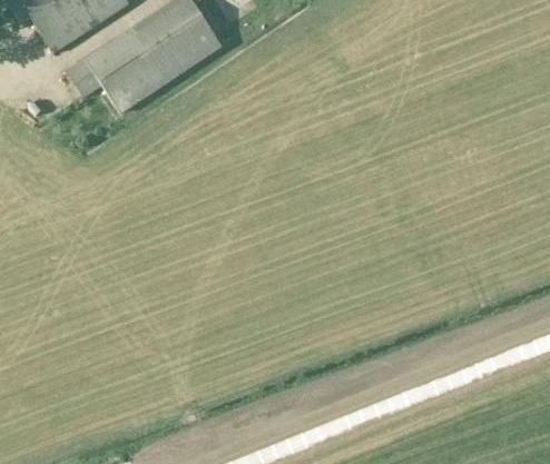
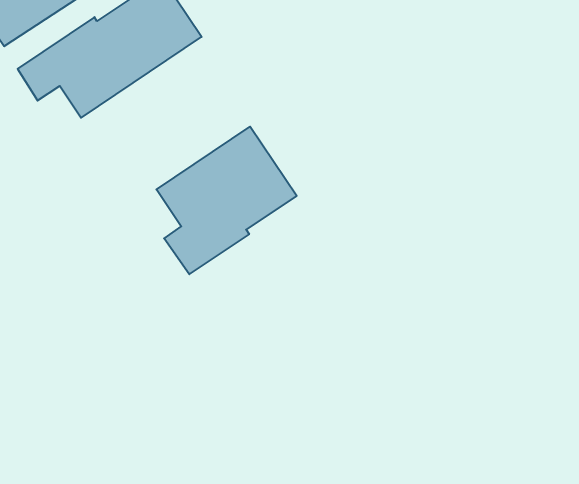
building: none -> [156,127,297,274]

